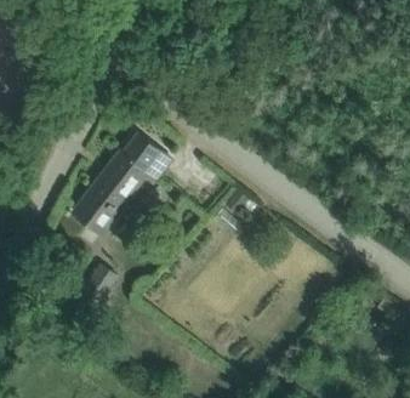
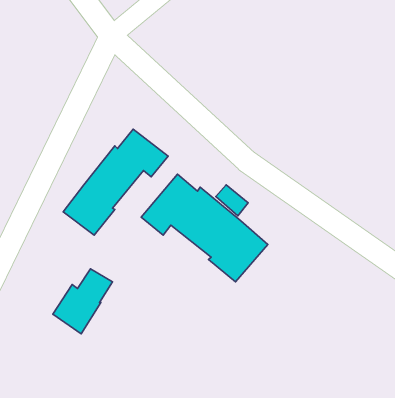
building: none -> [141,174,268,282]

